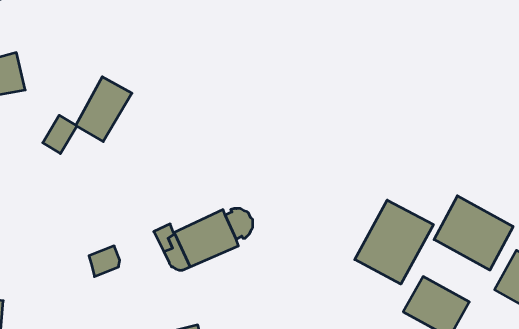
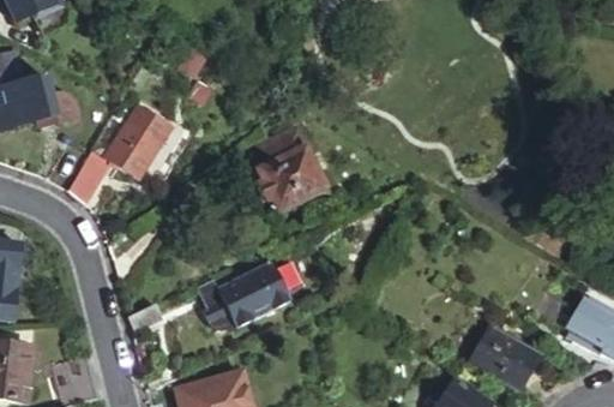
building: none -> [247,128,315,207]
building: [434,196,513,270] -> none
building: [355,200,433,284] -> none

